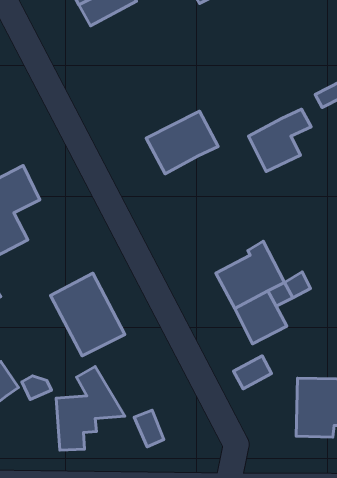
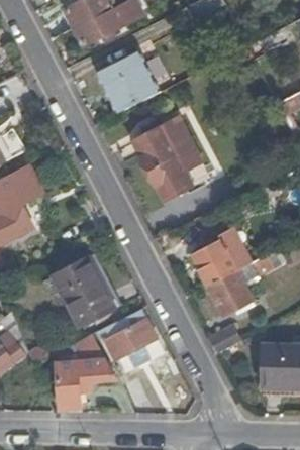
building: none -> [98,51,161,114]
building: [248,109,311,172] -> [149,148,203,202]
building: none -> [95,311,155,361]

